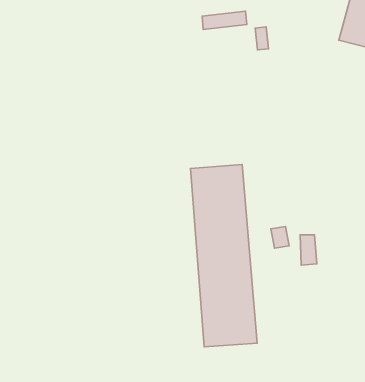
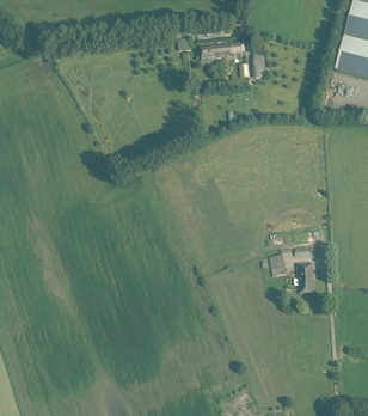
building: [190,164,257,347] -> none

